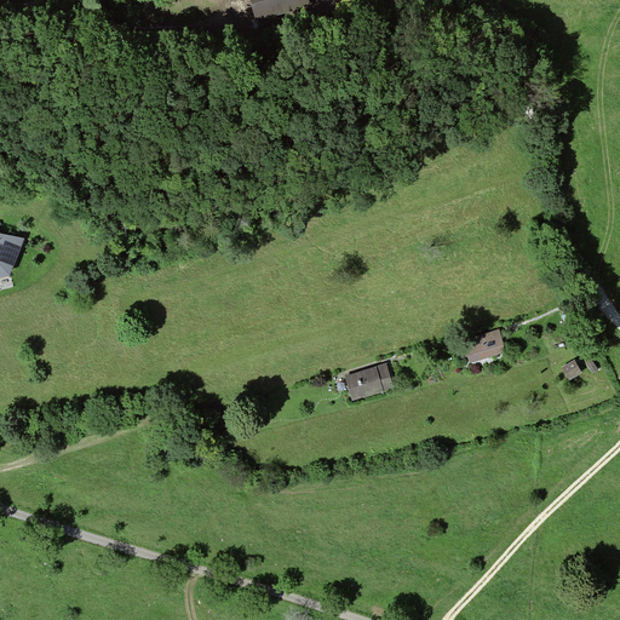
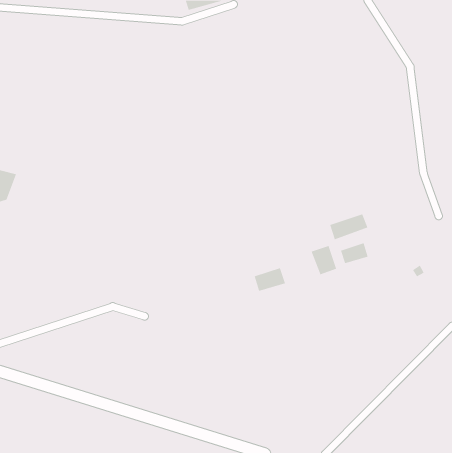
building: none -> [329,213,368,240]
building: none -> [311,245,337,275]

